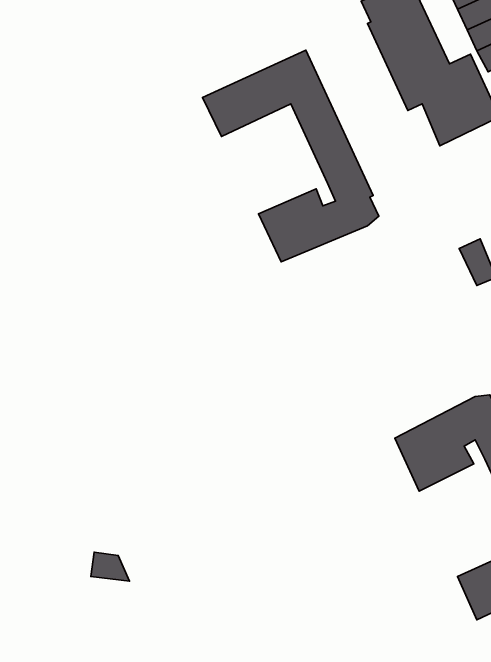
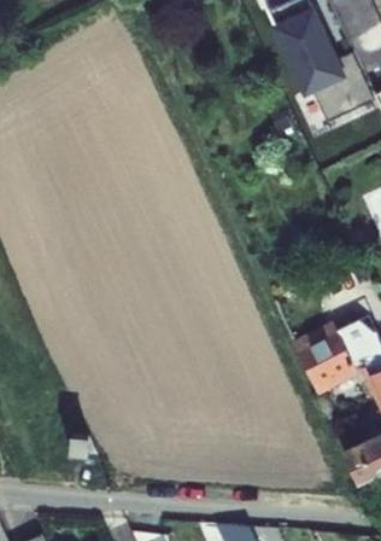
building: [203,50,379,262] -> none

